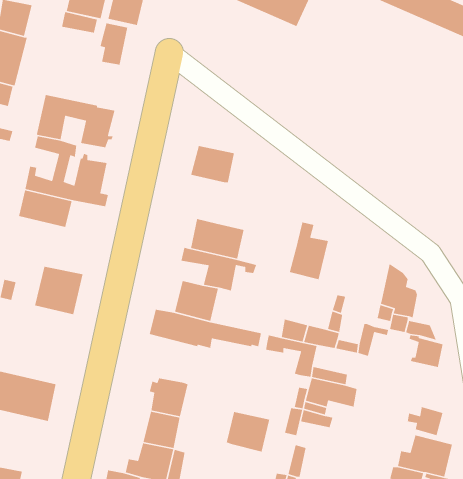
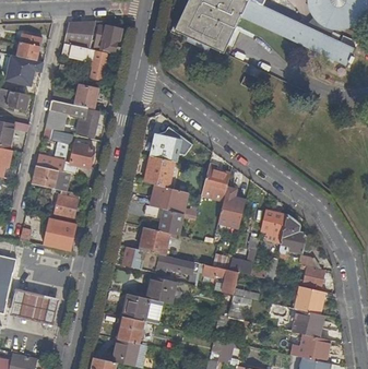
building: none -> [50,84,97,108]
building: none -> [144,155,174,188]
building: none -> [200,163,229,201]
building: none -> [52,193,78,218]
building: none -> [260,209,287,240]
building: none -> [293,286,325,314]
building: [226,411,270,453] -> [145,275,176,303]

